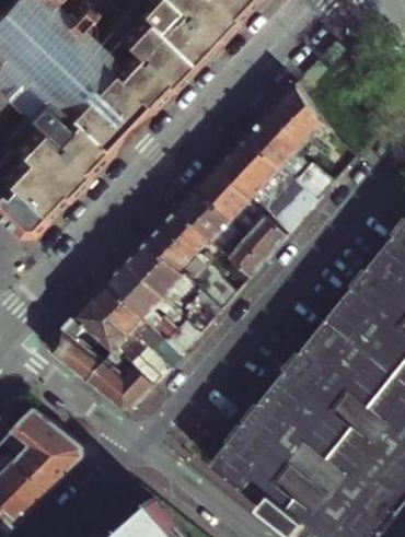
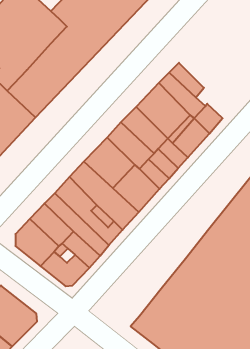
building: [274,83,323,139] -> none

